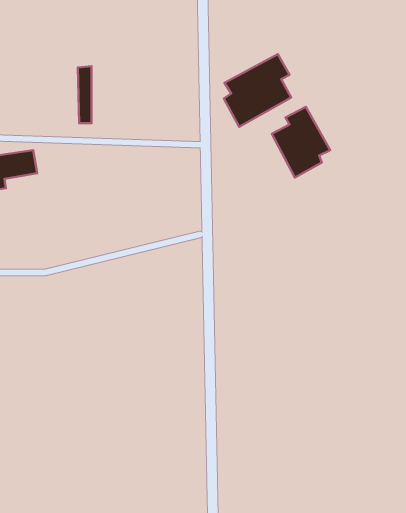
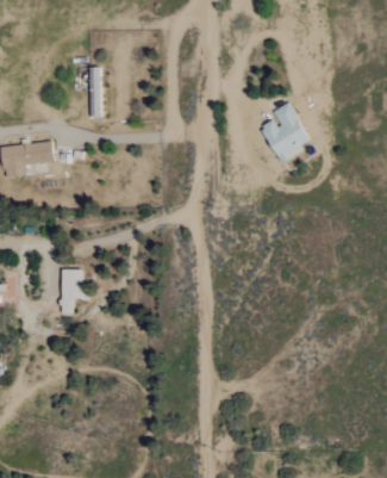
building: [224,54,291,127] -> none
building: none -> [61,269,82,315]

